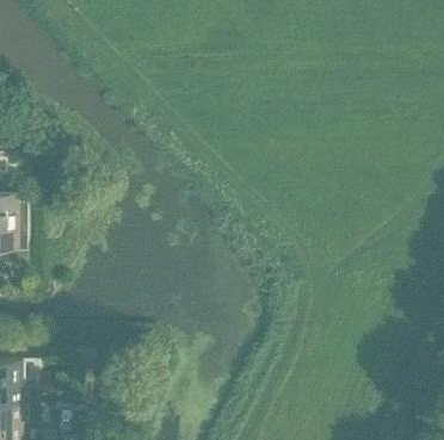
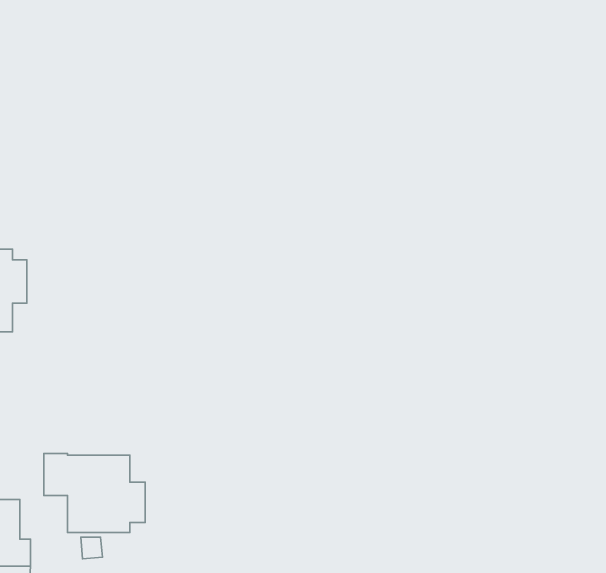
building: none -> [44,454,145,533]

